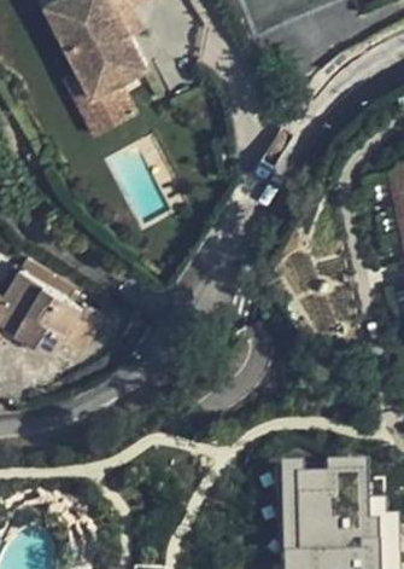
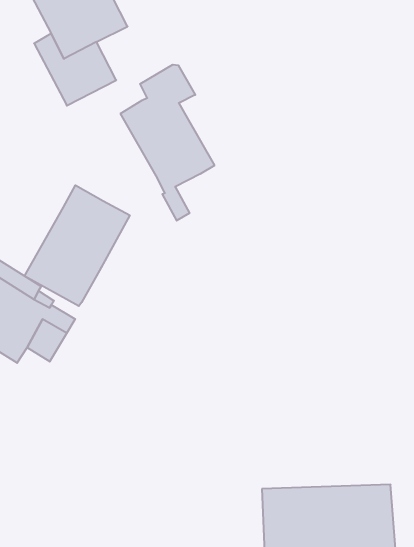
building: none -> [121,65,214,221]
building: none -> [24,185,130,306]

